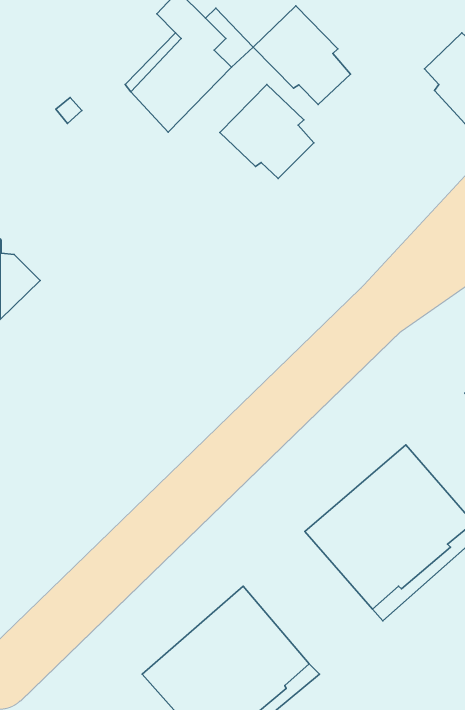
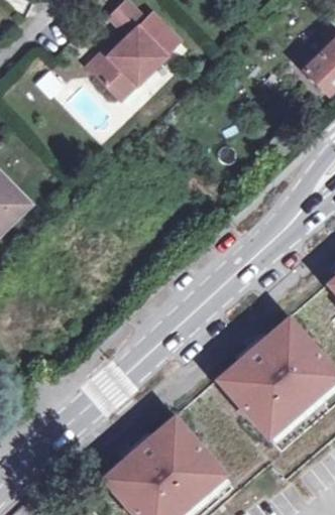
building: [253,6,351,104] -> none
building: [220,84,314,178] -> none

